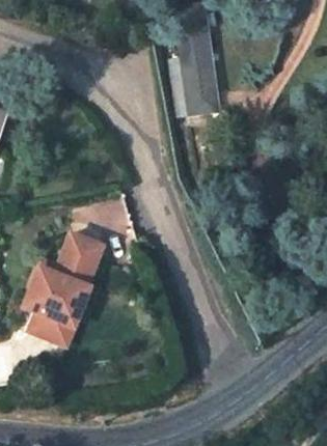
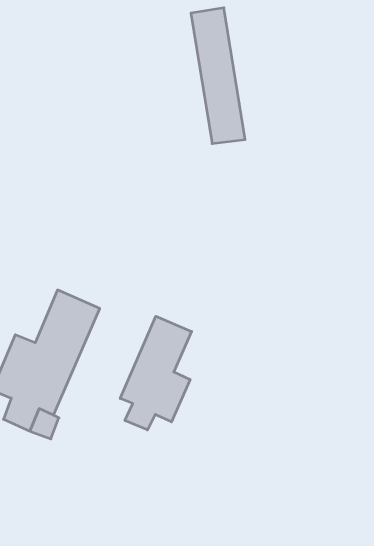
building: none -> [120,316,192,430]

